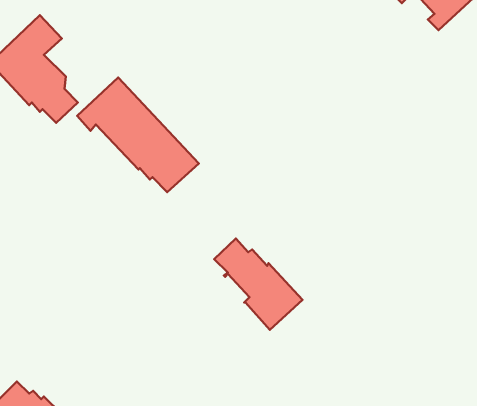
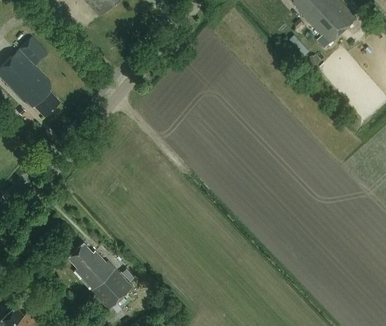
building: [77,77,199,192] -> none
building: [214,239,303,330] -> [67,243,132,310]

